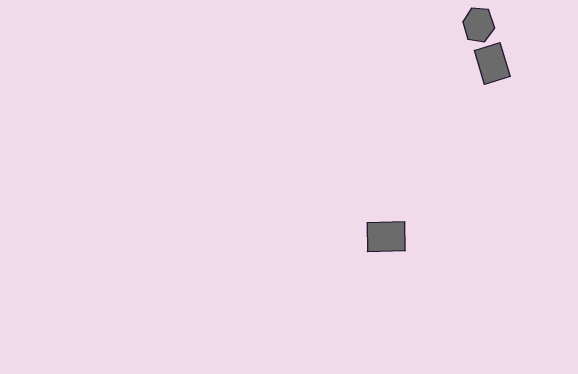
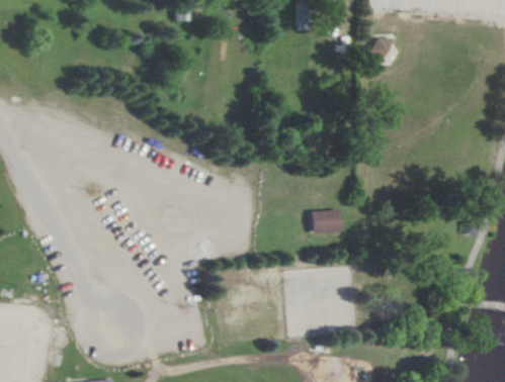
building: [474,43,510,84] -> none

